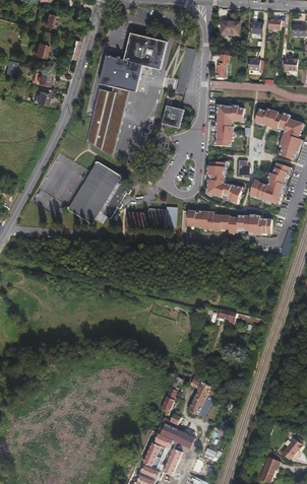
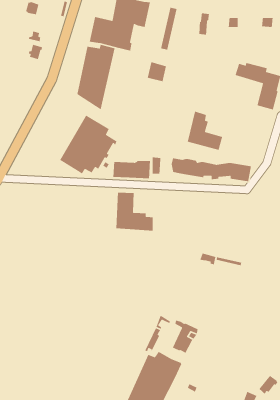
building: [216,105,245,144] -> none
building: [251,161,292,203] -> none
building: none -> [115,192,153,231]

